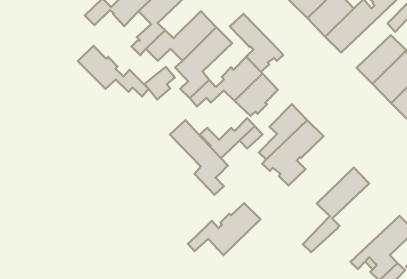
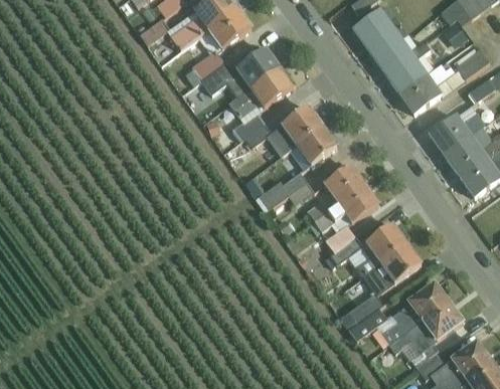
building: [230,14,283,72] -> none
building: [78,46,149,96] -> none
building: [170,120,228,195] -> none
building: none -> [348,279,451,345]
building: [188,203,260,255] -> [325,222,408,275]

